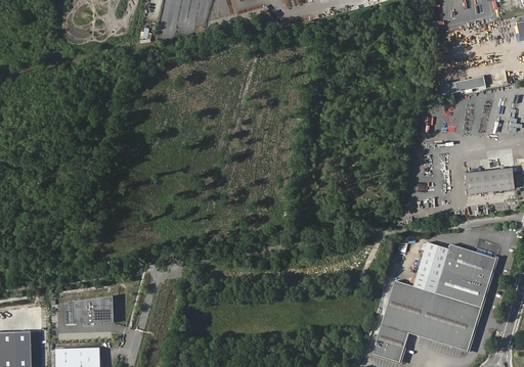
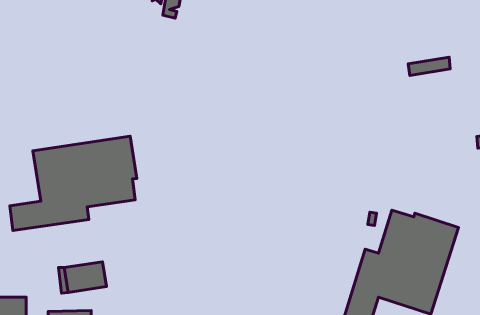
building: none -> [10,136,137,230]
building: [465,169,513,194] -> none

